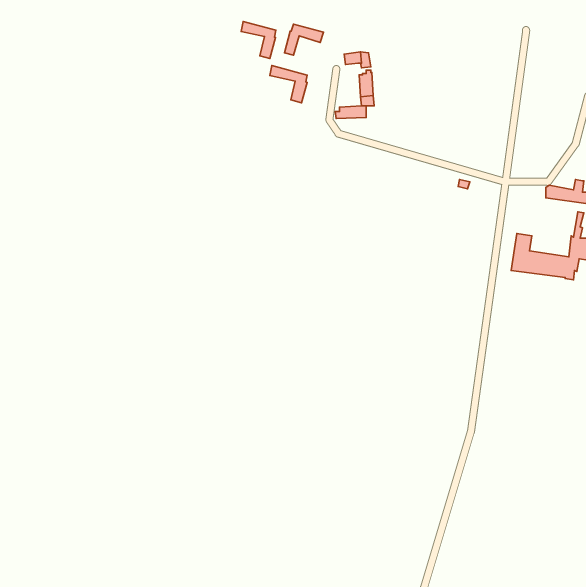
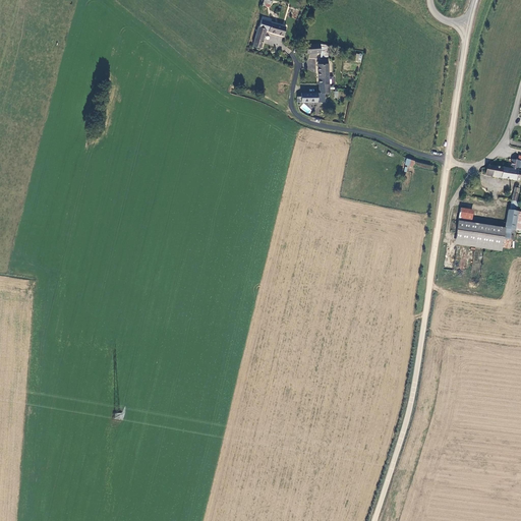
building: [241,21,276,59] -> none
building: [270,66,307,103] -> none

